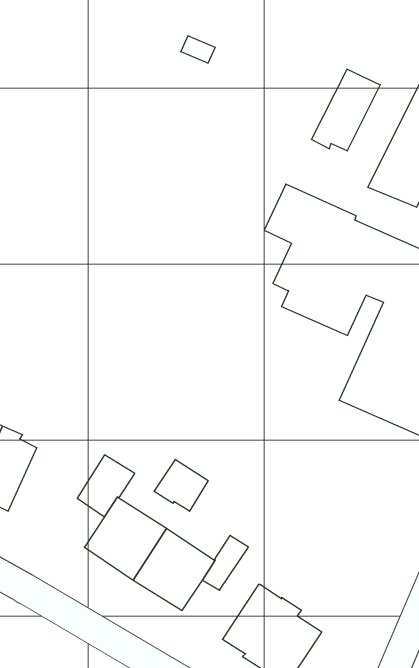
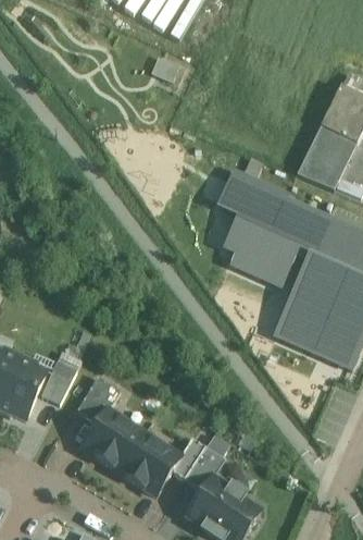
building: [311,69,380,151] -> none
building: none -> [40,359,76,403]
building: [154,459,208,511] -> none
building: none -> [184,445,224,490]

